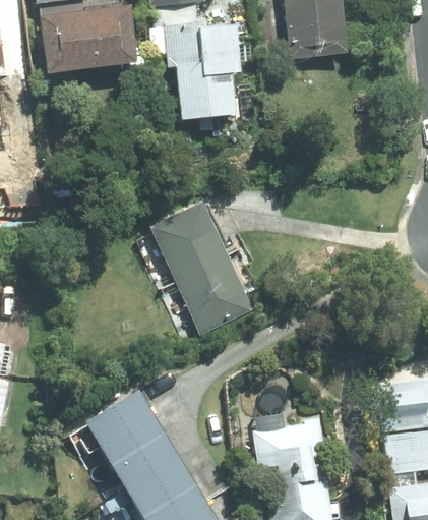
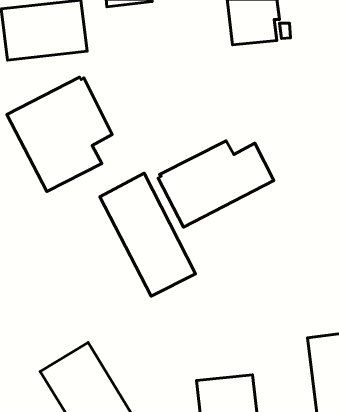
building: [169,23,239,119] -> none
building: none -> [7,77,112,192]
building: none -> [158,141,274,227]

